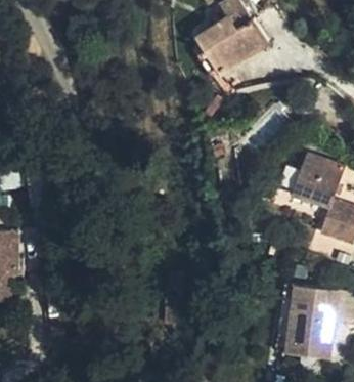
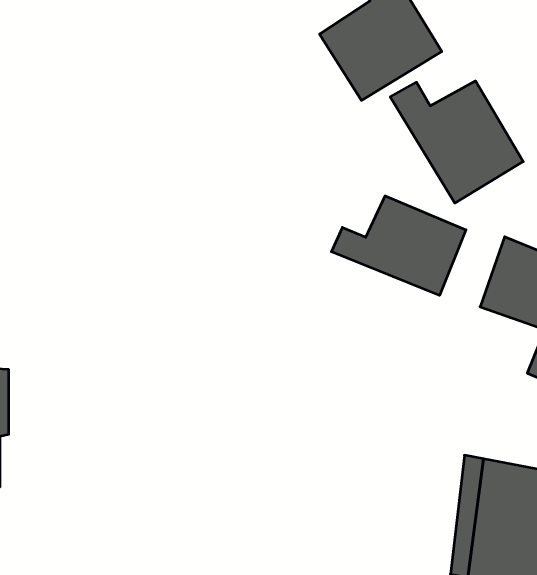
building: none -> [390,81,523,203]
building: none -> [331,196,466,295]

